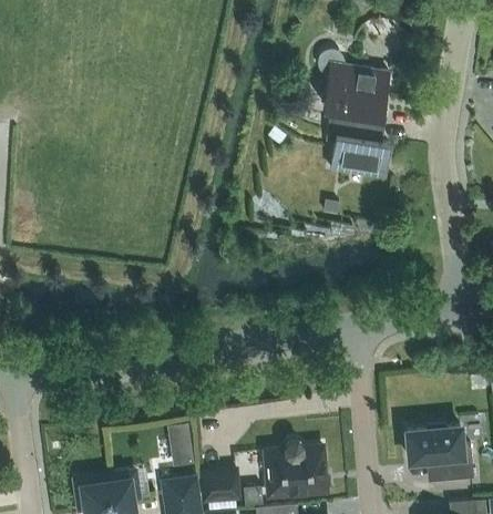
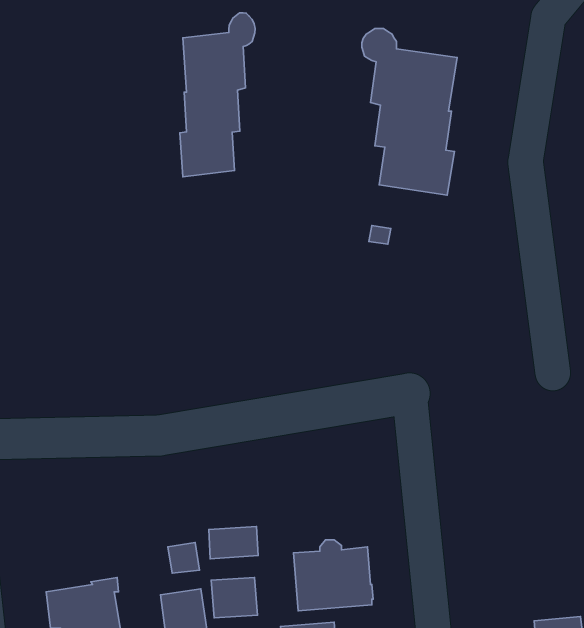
building: none -> [180,13,255,177]
building: [408,423,474,482] -> none
building: none -> [209,526,258,559]

